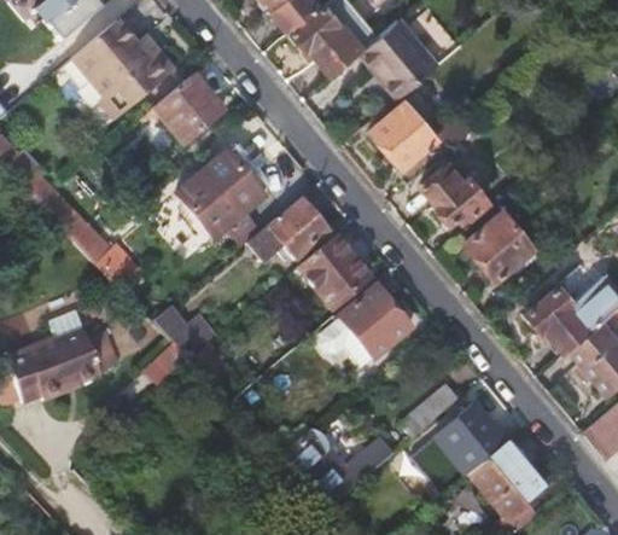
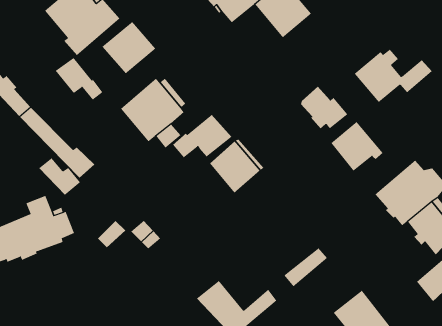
building: [368,95,476,169] -> [354,49,433,103]
building: none -> [55,57,103,100]
building: [314,285,412,367] -> none
building: [152,307,210,359] -> [38,158,81,196]
building: [439,401,507,472] -> none

